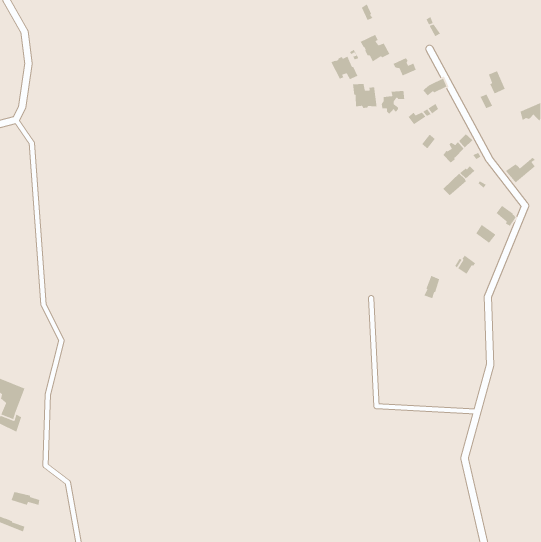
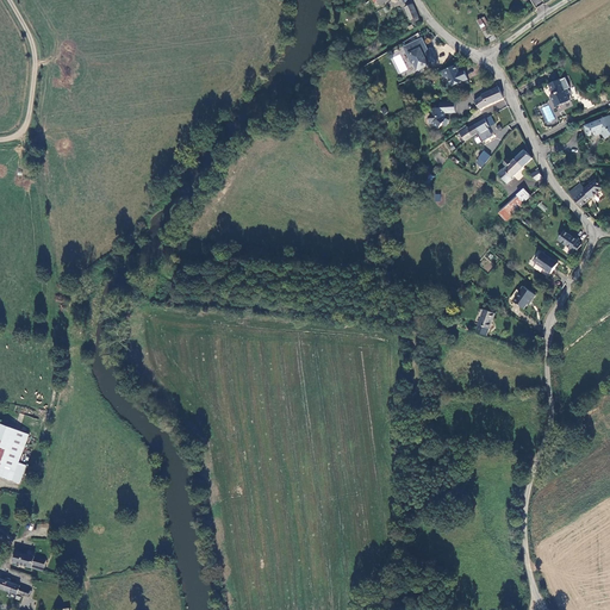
building: [330,55,359,80] -> none
building: [352,83,378,109] -> none

